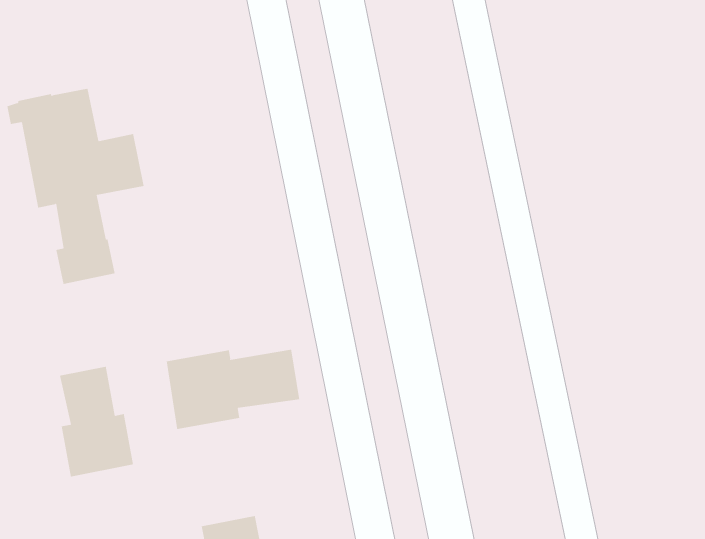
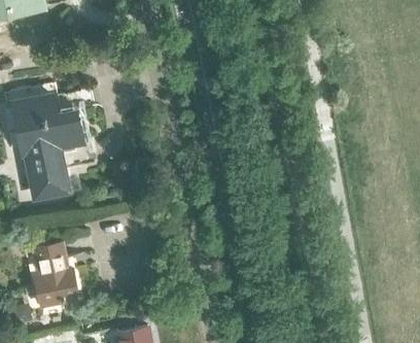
building: [166,349,300,430] -> none

